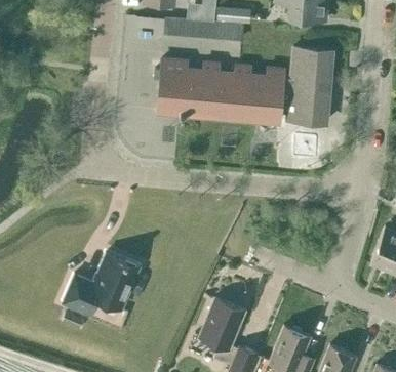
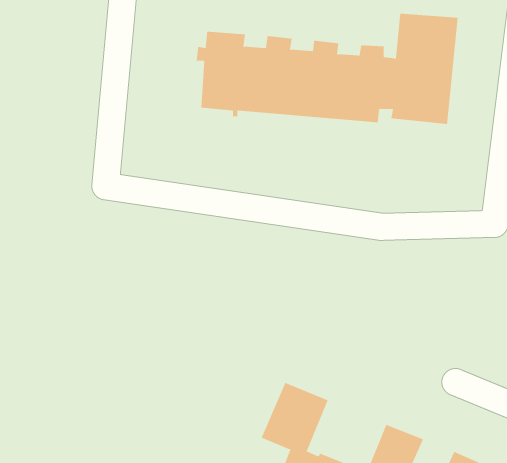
building: [61,256,136,314] -> none

